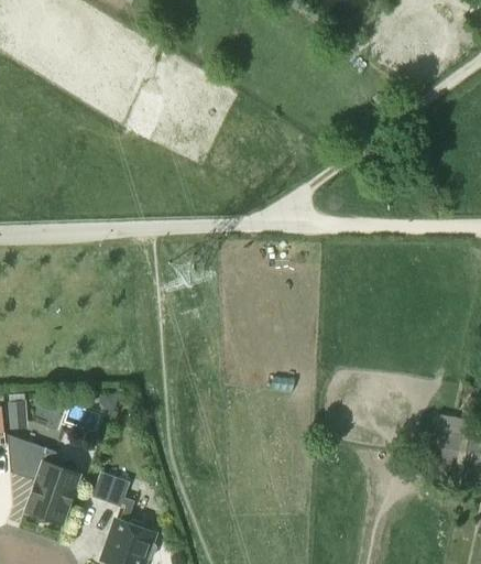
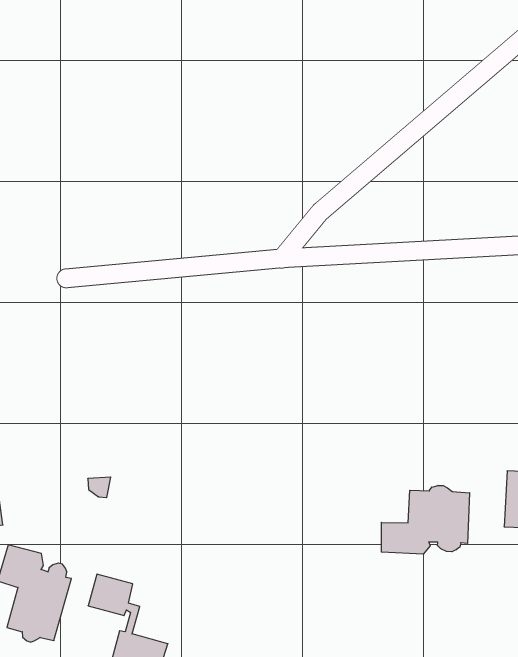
building: none -> [381,485,470,554]

